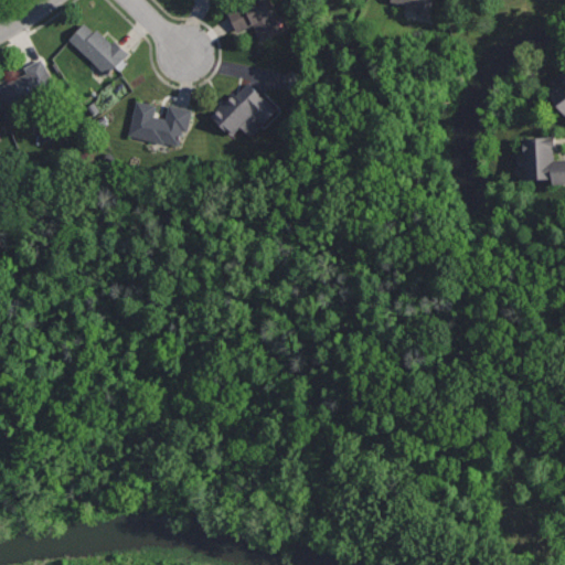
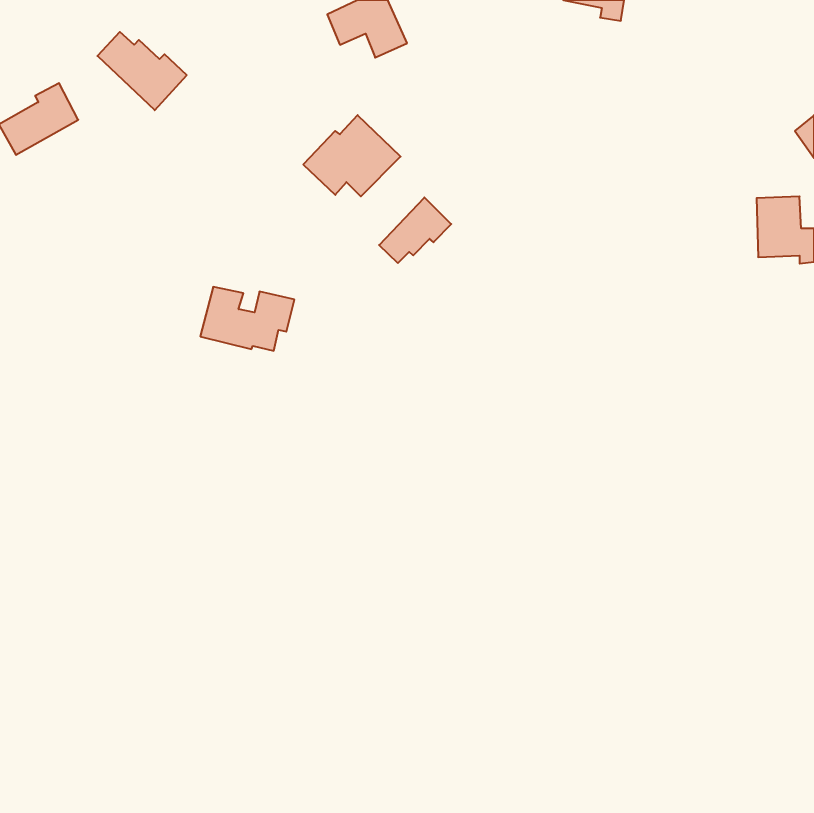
building: [127,102,192,146] -> [200,287,294,351]
building: none -> [379,197,451,263]

